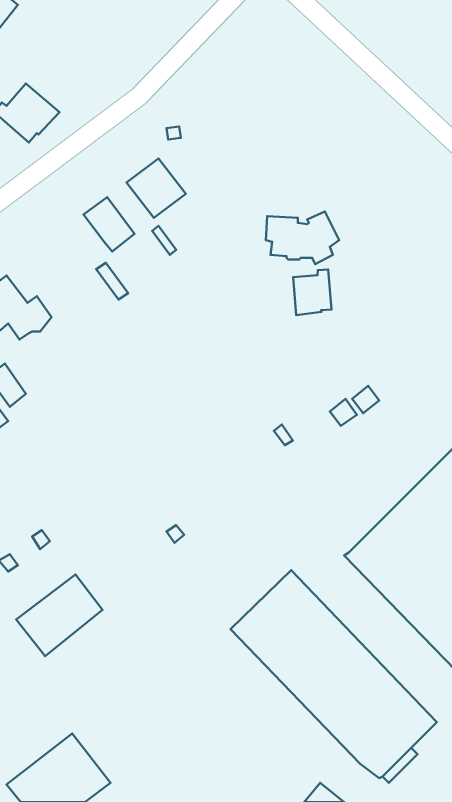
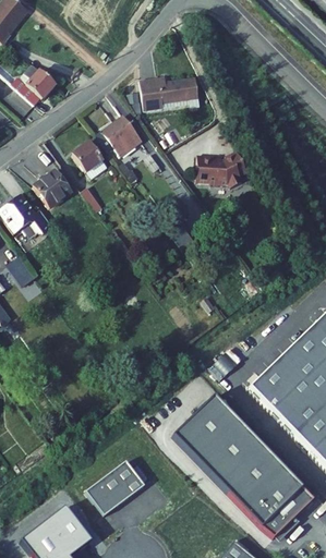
building: none -> [140,76,197,110]
building: none -> [33,169,71,207]
building: [293,270,332,315] -> none
building: [16,575,103,656] -> [85,461,144,517]

